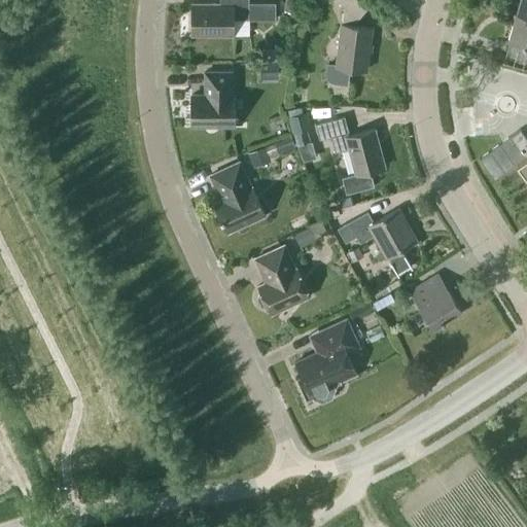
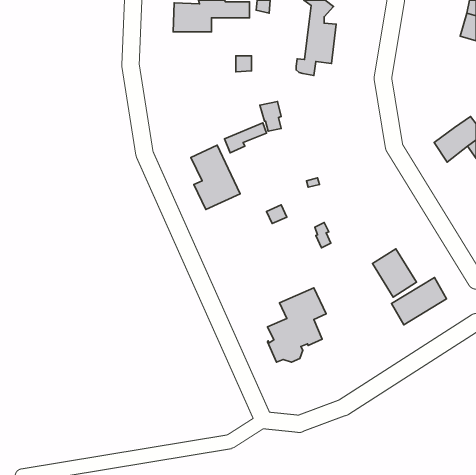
building: [191,73,234,127] -> none
building: [316,117,385,195] -> none
building: [338,209,417,275] -> none
building: [256,245,309,315] -> none
building: none -> [392,277,447,325]

